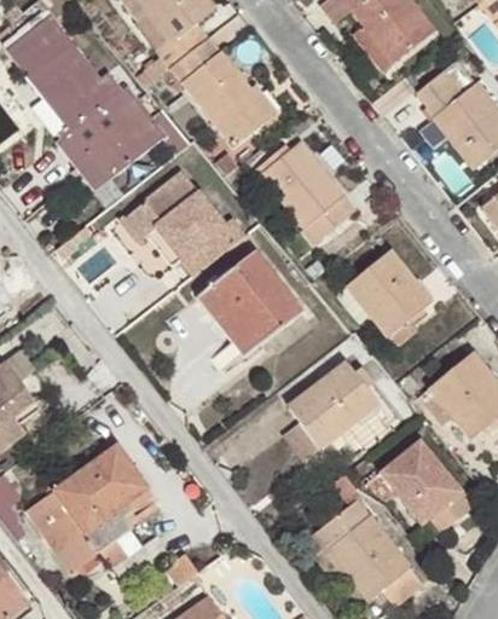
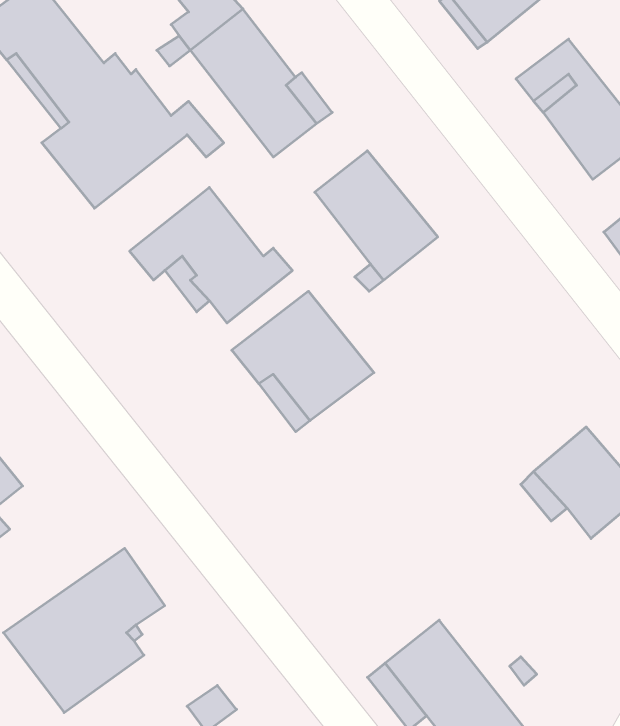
building: [348,251,430,336] -> none
building: [289,361,381,447] -> none
building: [381,440,473,528] -> none

